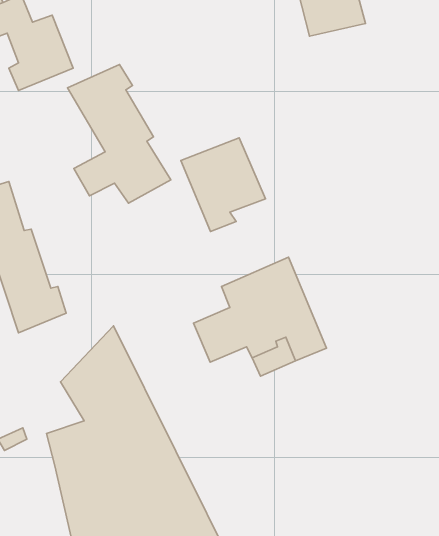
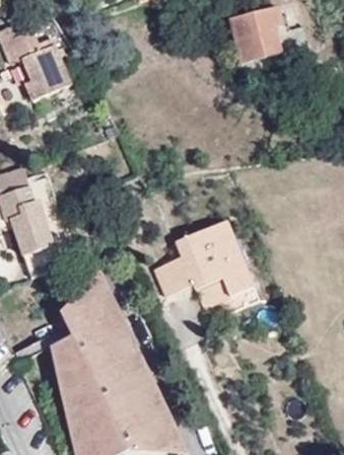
building: [68,64,171,203] -> none
building: [181,138,265,232] -> none

